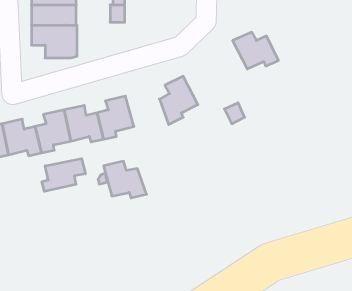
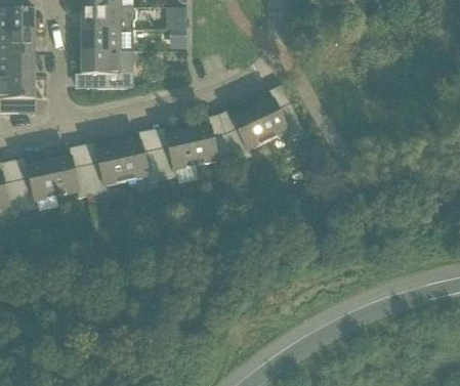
building: [233,32,278,69] -> [251,99,302,140]
building: [42,159,85,191] -> none
building: [104,161,147,198] -> [186,126,235,167]

